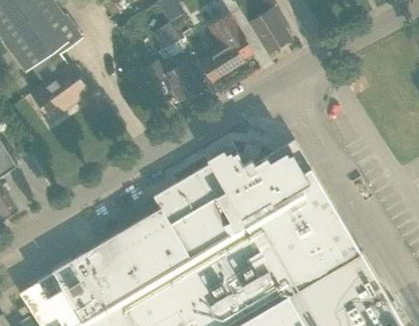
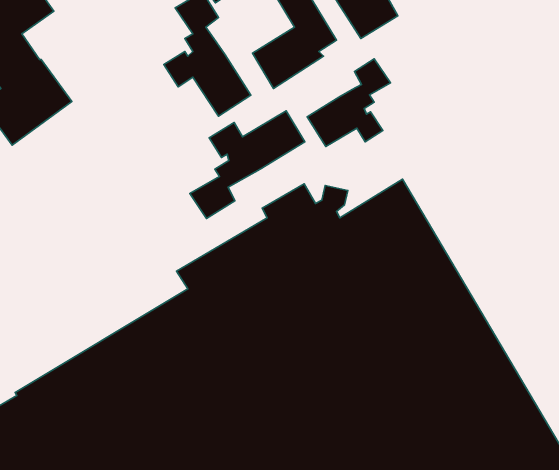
building: none -> [307,59,391,147]
building: none -> [190,111,305,219]

